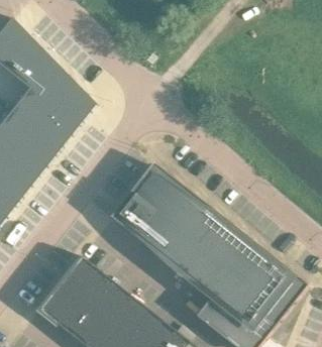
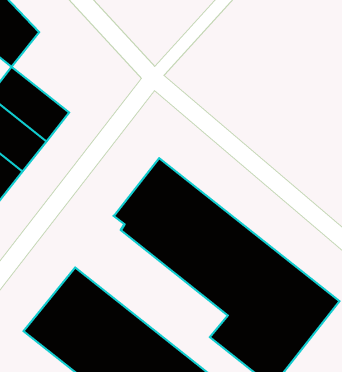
building: [28,60,95,127] -> none

